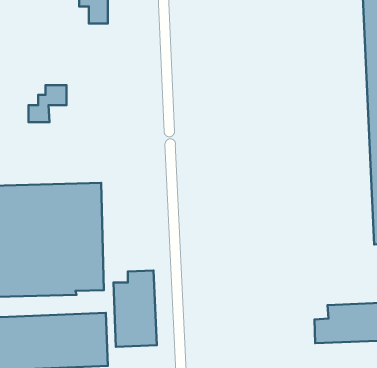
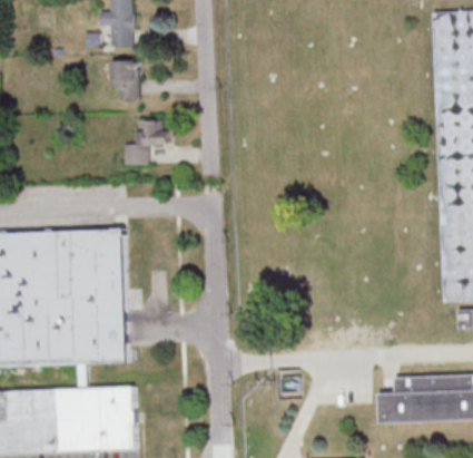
building: none -> [111,61,138,98]
building: [29,85,66,122] -> [124,120,168,164]
building: [114,270,157,347] -> none

